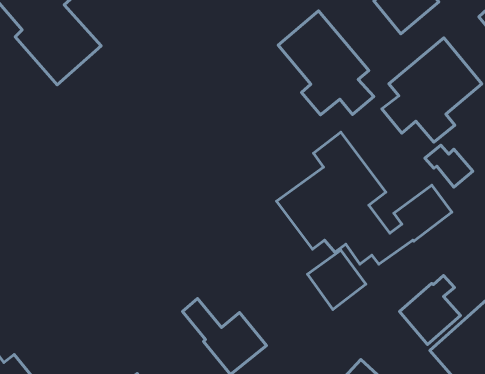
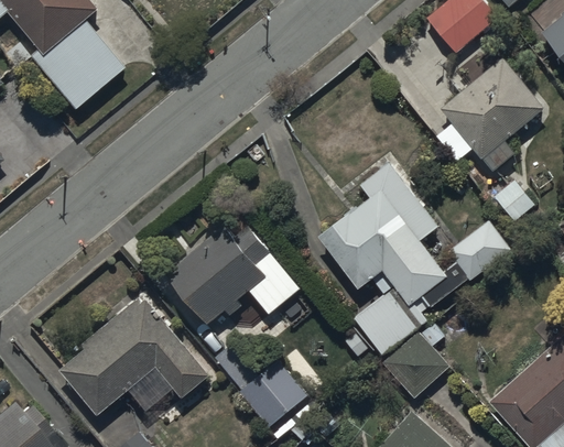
building: [278,11,374,115] -> none
building: none -> [164,226,299,325]
building: none -> [59,294,210,416]
building: [399,275,461,345] -> [382,323,449,399]

